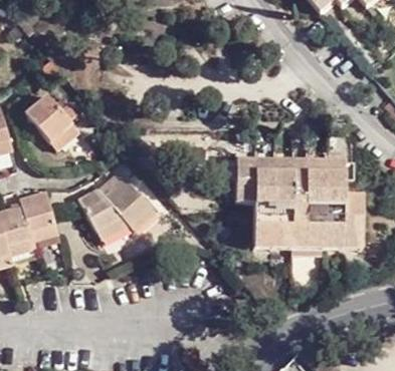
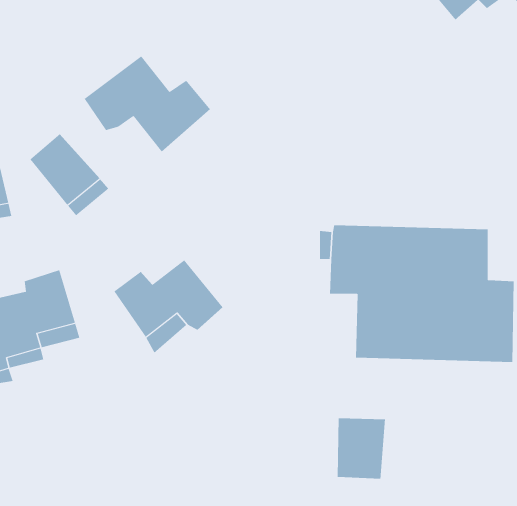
building: none -> [84,55,211,153]
building: none -> [337,418,385,479]

